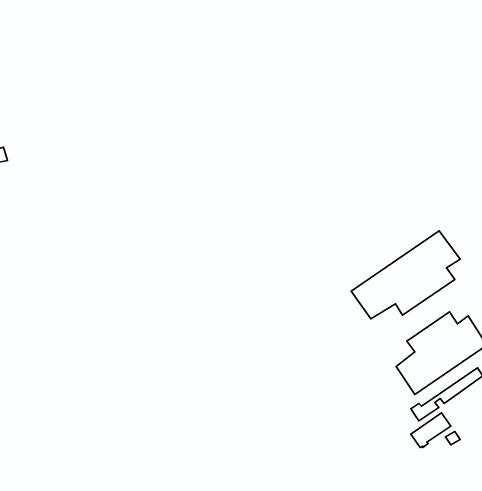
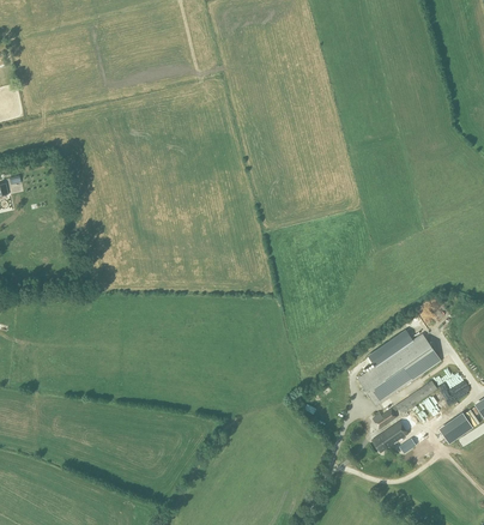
building: [351,231,460,319] -> none

